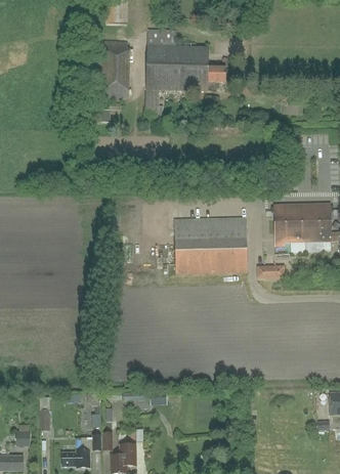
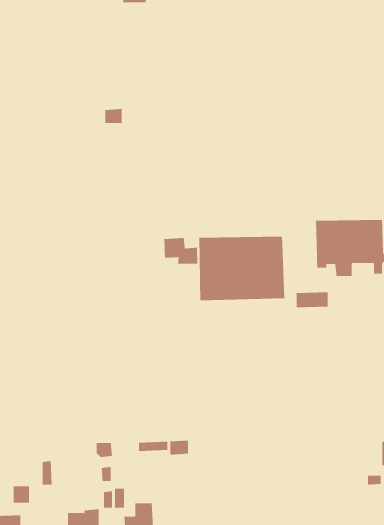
building: [144,29,224,114] -> none
building: [105,47,131,98] -> none
building: none -> [164,237,198,265]

